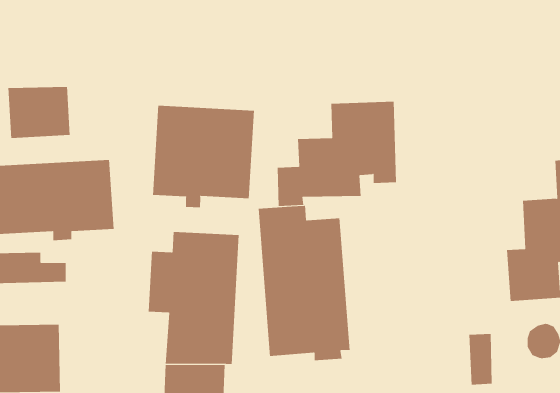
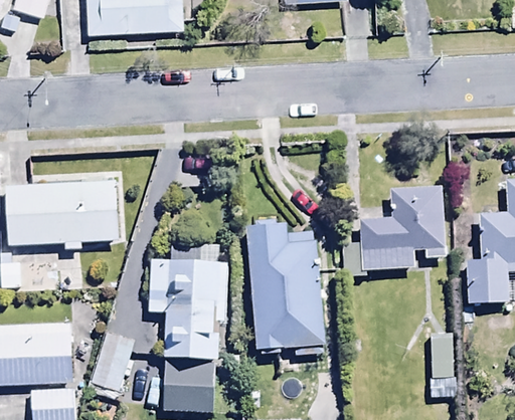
building: [8,86,70,139] -> none
building: [277,101,397,206] -> [341,185,447,277]
building: [152,105,255,208] -> none

